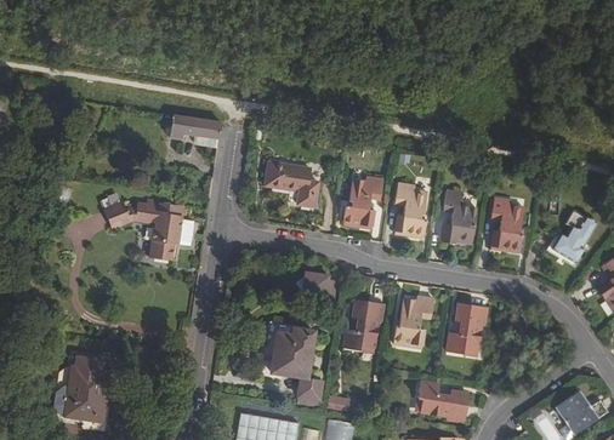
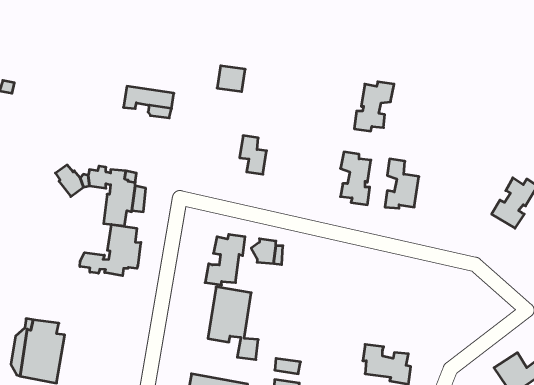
building: [266,162,295,189] -> [217,66,245,92]
building: [342,176,383,227] -> [354,82,394,131]
building: [491,198,523,252] -> none
building: none -> [80,224,141,276]
building: [393,296,434,345] -> none
building: [342,298,383,350] -> [205,234,245,285]
building: [448,303,488,353] -> none

